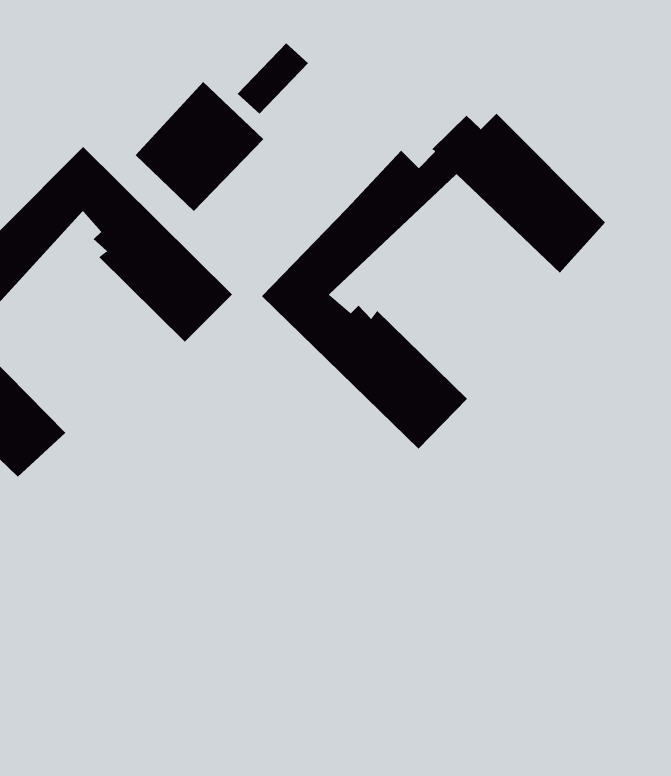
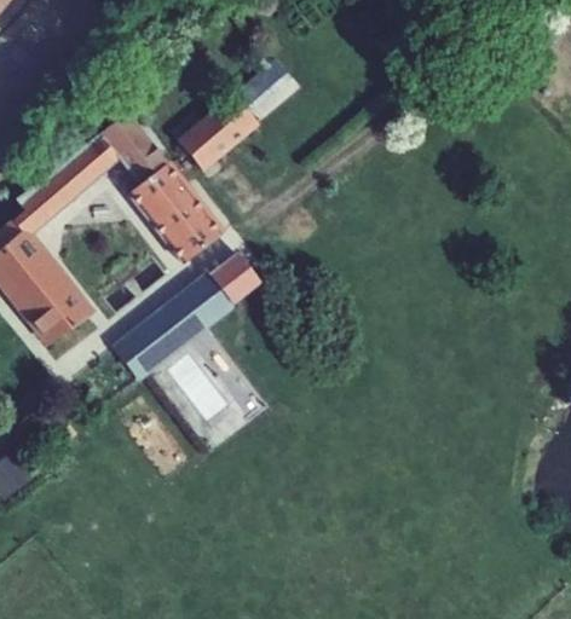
building: [261,113,606,449] -> none
building: none -> [98,266,244,393]

